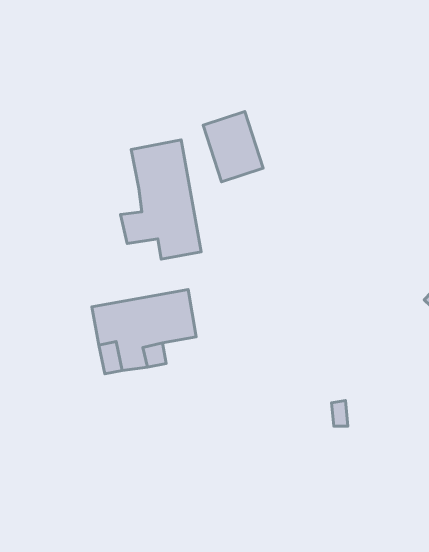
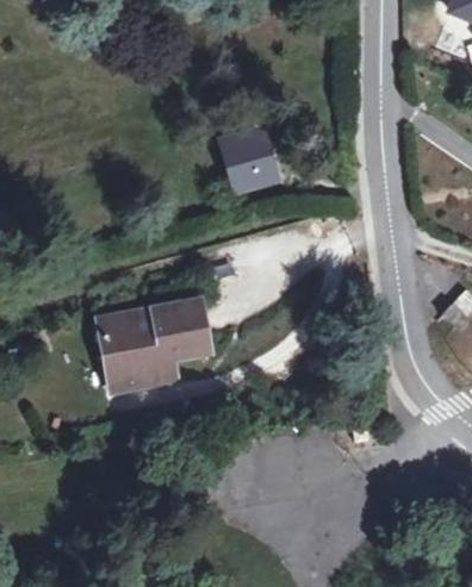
building: [121,140,201,259] -> none

